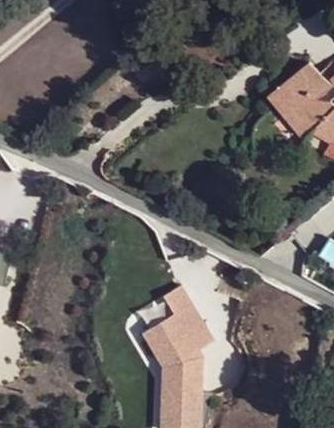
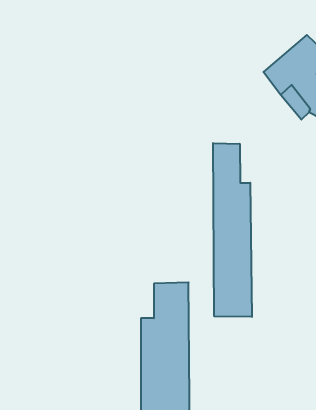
building: none -> [213,143,252,317]

